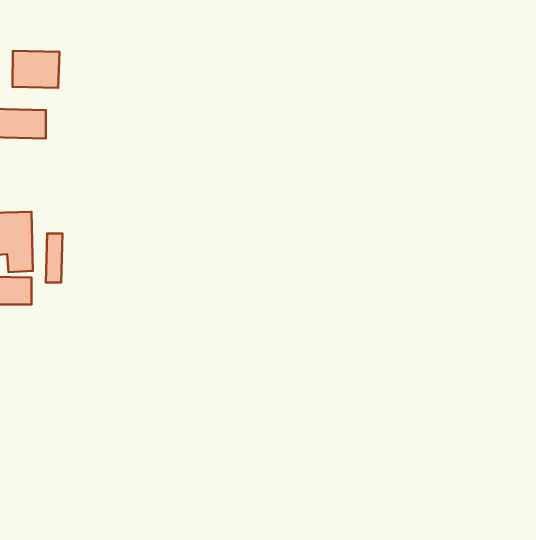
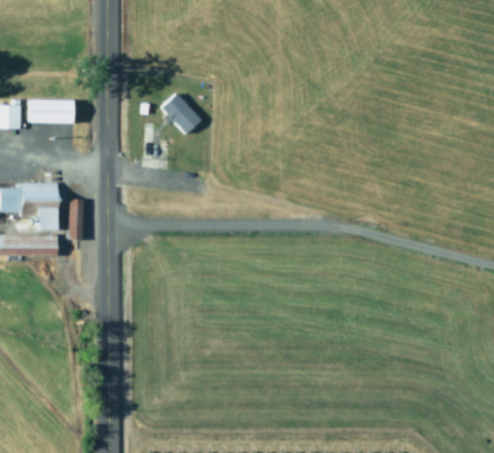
building: [12,51,60,88] -> none
building: none -> [158,93,200,135]

